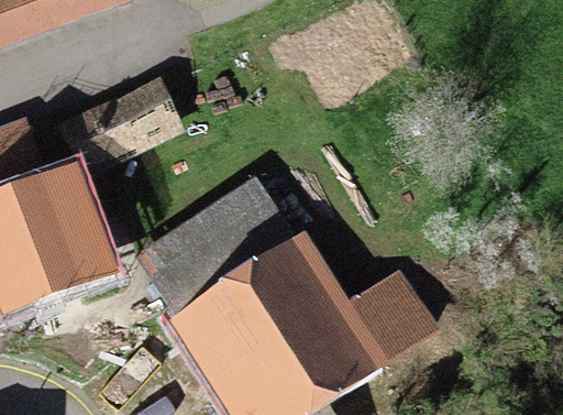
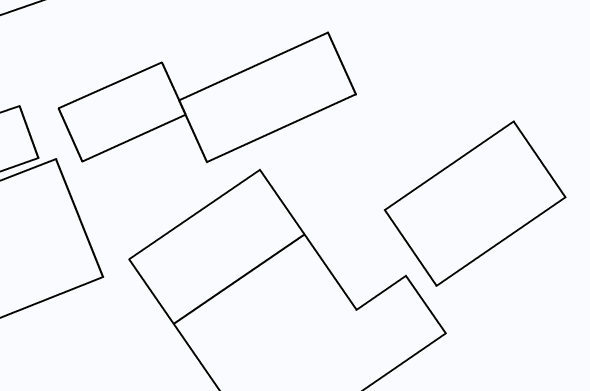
building: none -> [179,32,356,162]
building: none -> [385,121,566,286]

